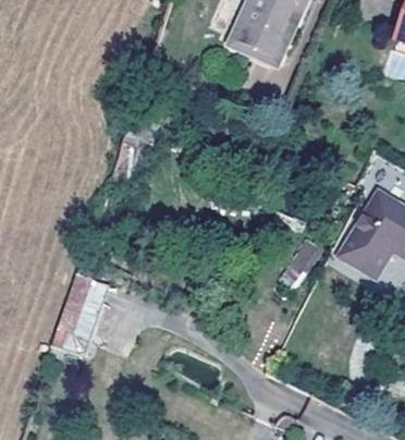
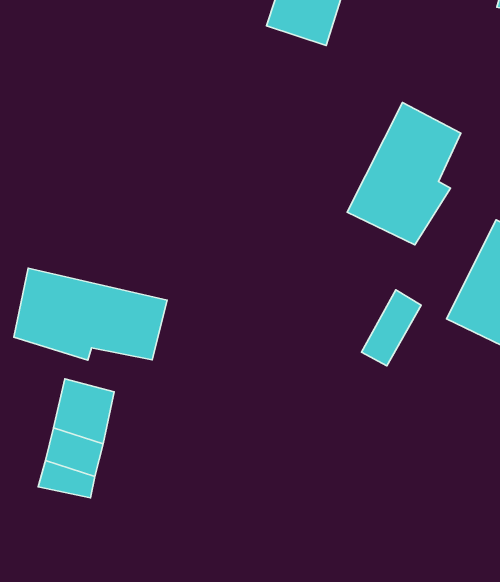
building: none -> [347,103,461,245]
building: none -> [14,268,167,360]

